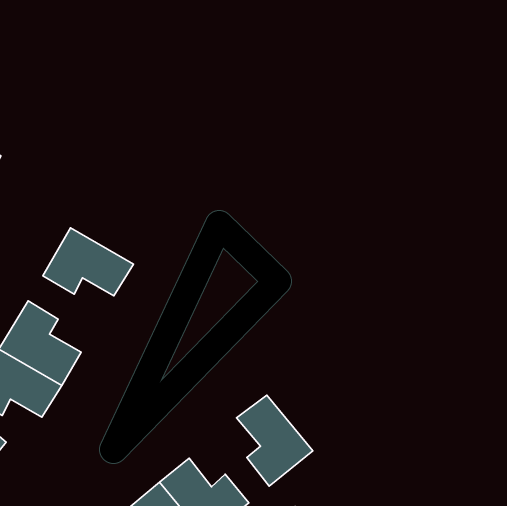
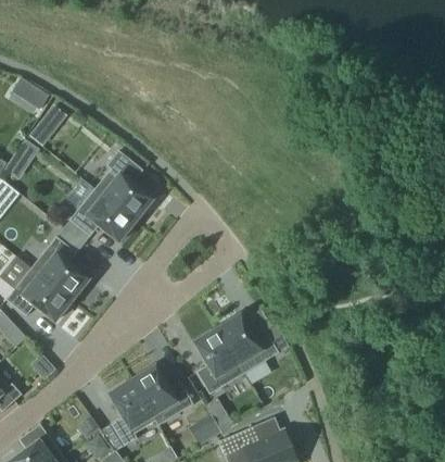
building: none -> [94,151,152,222]
building: none -> [217,315,278,374]

